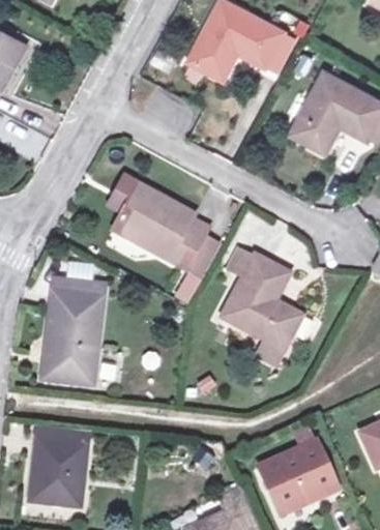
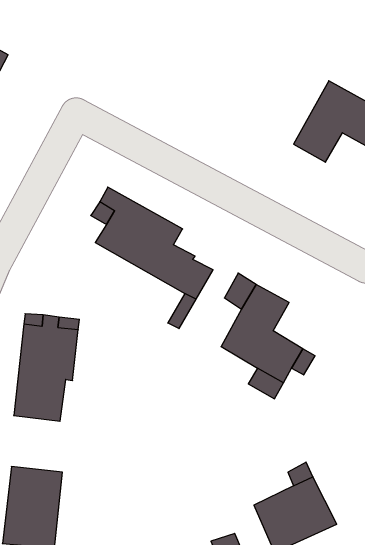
building: [191,6,290,81] -> none

